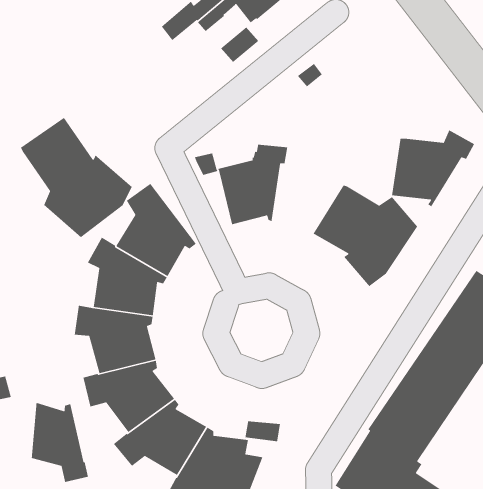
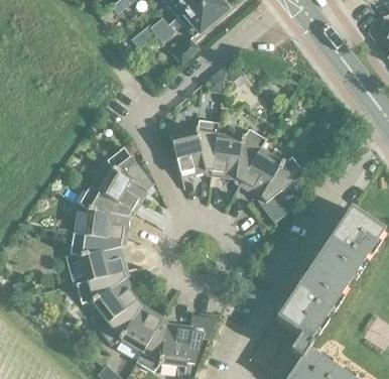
building: [20,117,133,238] -> none
building: [391,129,475,207] -> [209,128,267,182]
building: [31,402,89,483] -> none

